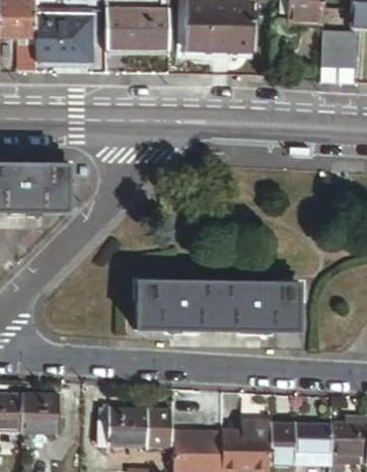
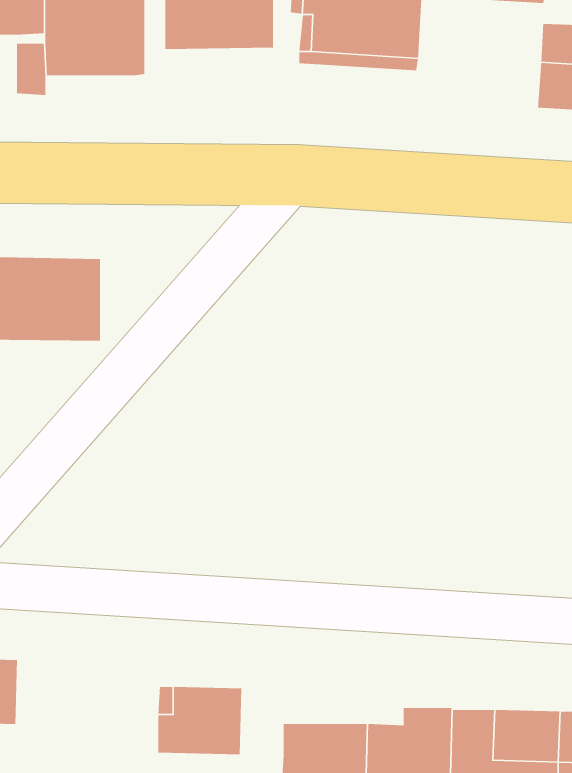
building: [136,281,299,331] -> none
building: [20,394,59,432] -> none
building: [149,410,173,449] -> none

